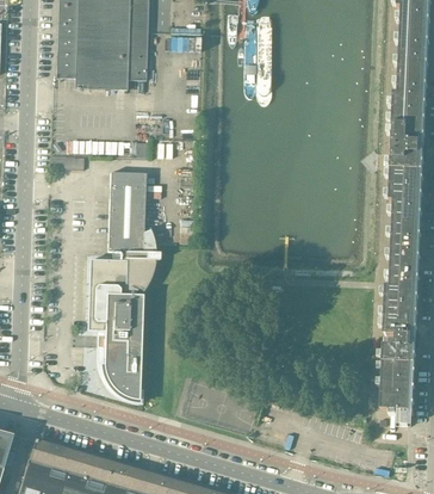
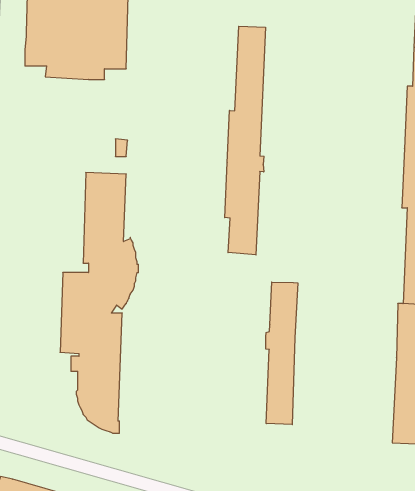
building: none -> [225,26,265,255]
building: none -> [266,282,298,425]

